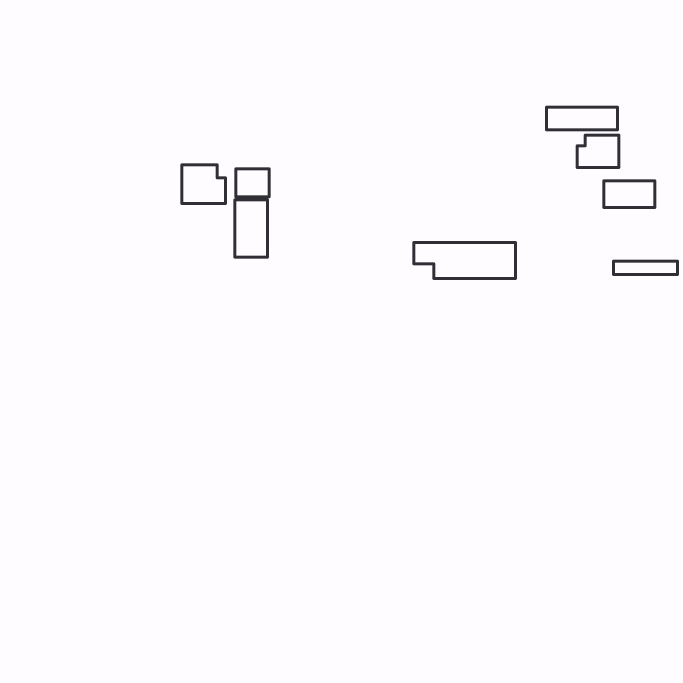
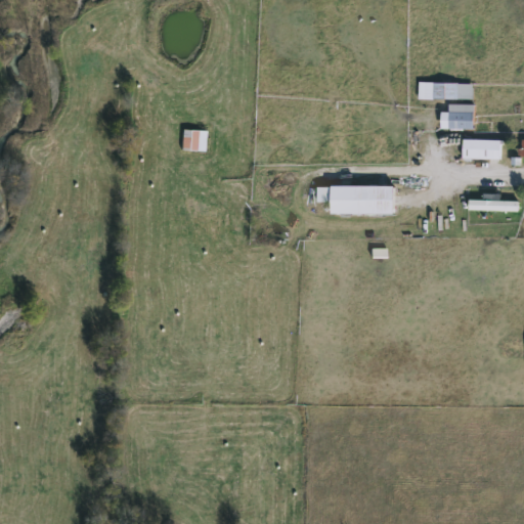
building: [182,165,225,204] -> none
building: [235,200,267,257] -> none

